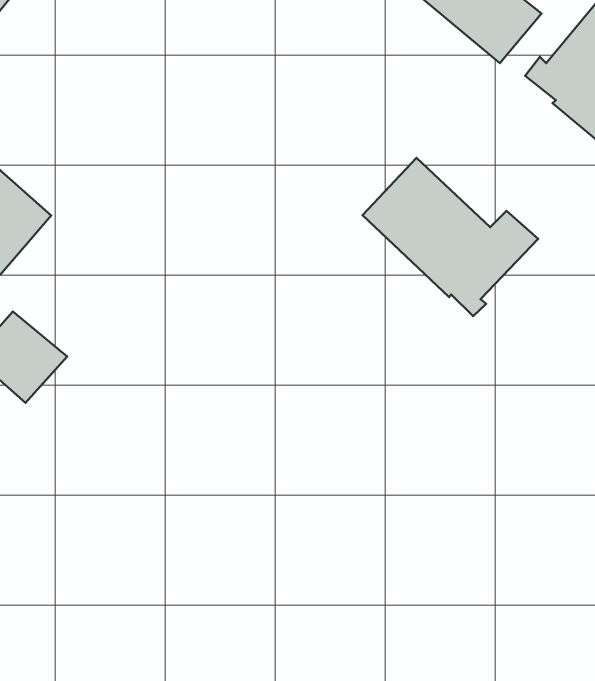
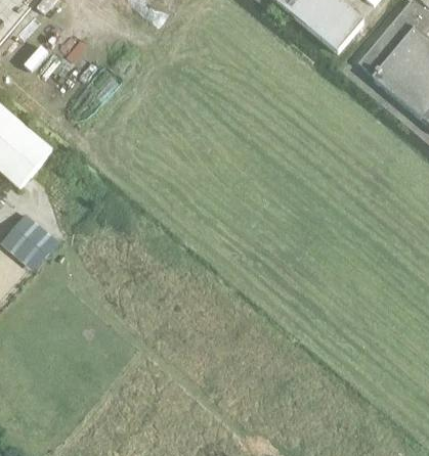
building: [362,158,538,316] -> none

